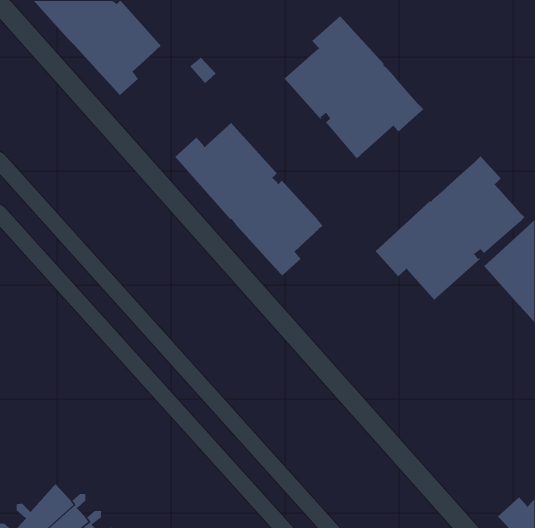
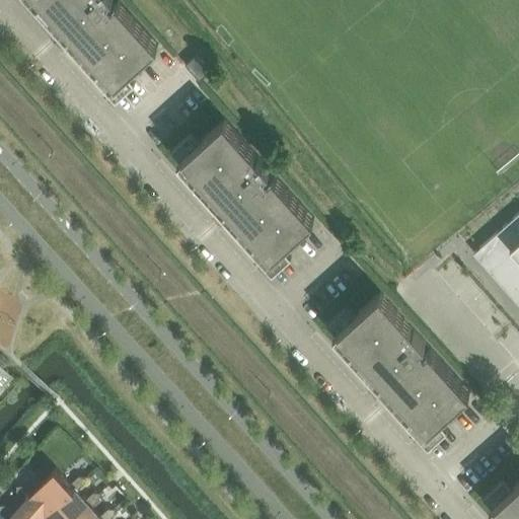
building: [284,15,424,159] -> none
building: [375,155,525,301] -> none
building: none -> [323,300,468,448]

